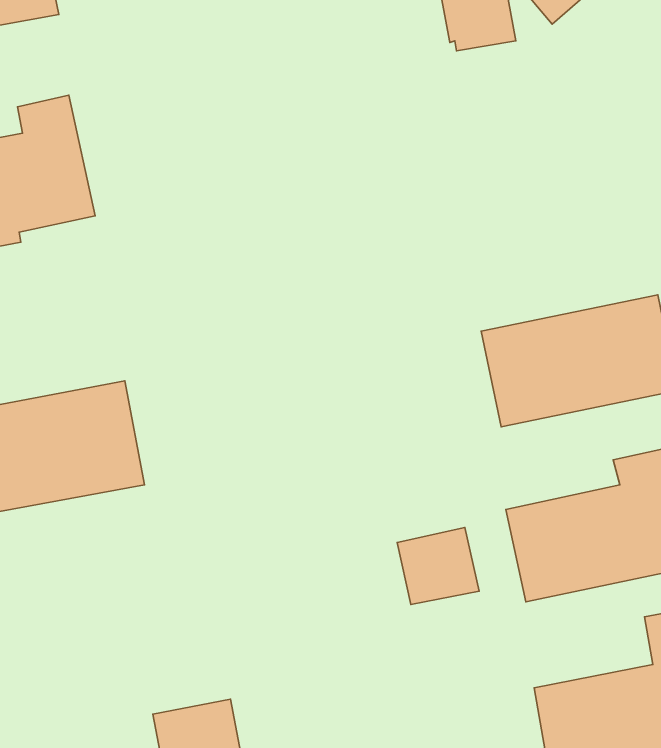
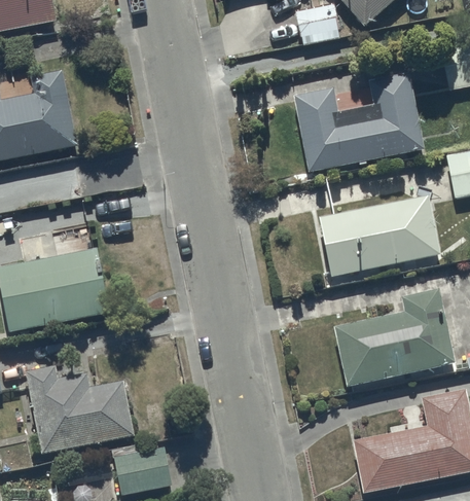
building: none -> [294,73,424,170]
building: [397,528,479,604] -> none
building: none -> [26,364,134,455]

